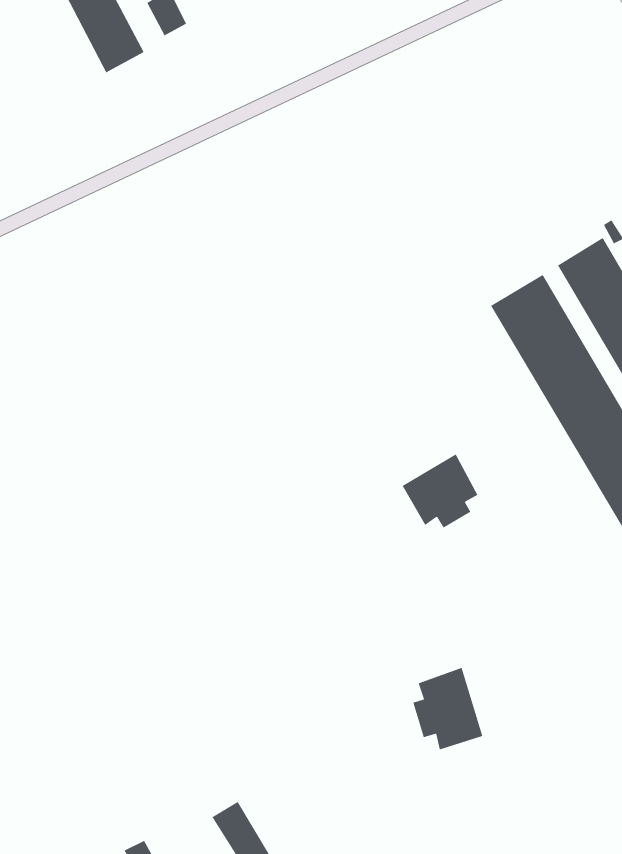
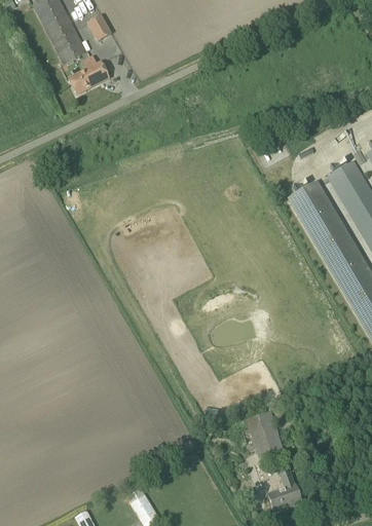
building: none -> [68,60,108,92]
building: [402,454,478,529] -> none
building: none -> [267,469,301,511]

